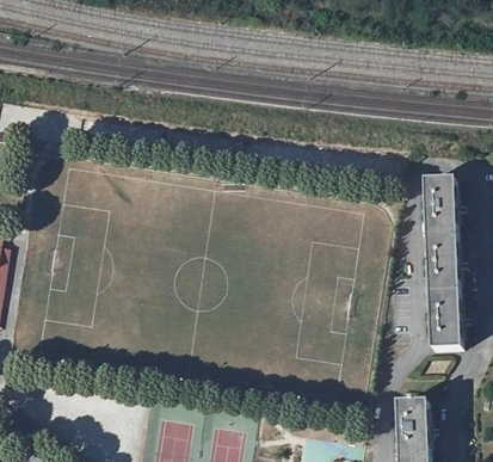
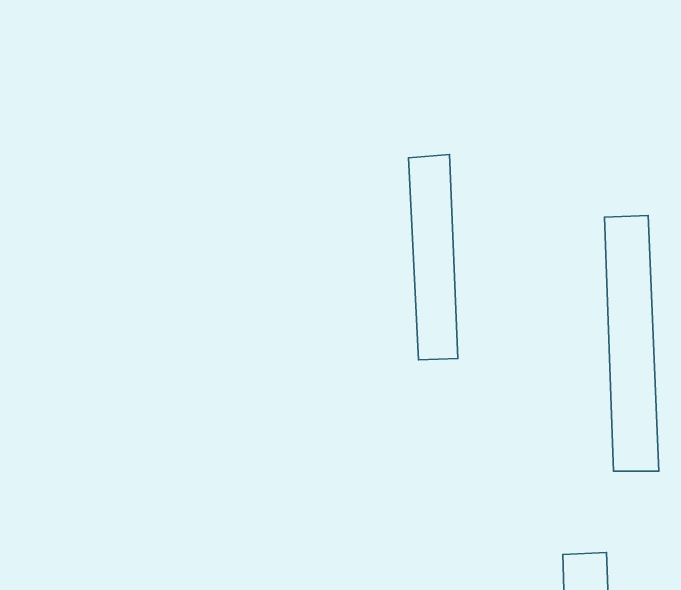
building: none -> [409,155,458,360]

